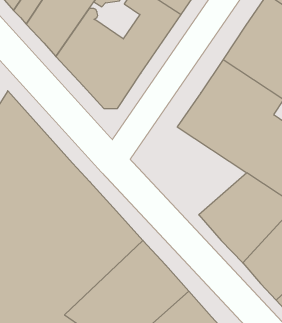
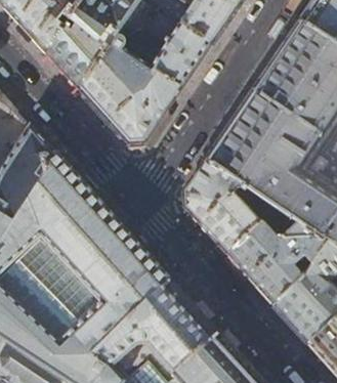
building: none -> [184,164,279,256]

